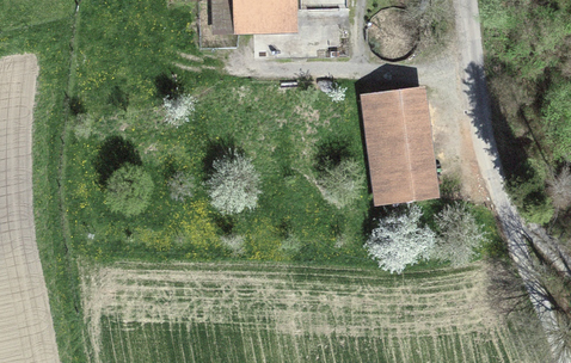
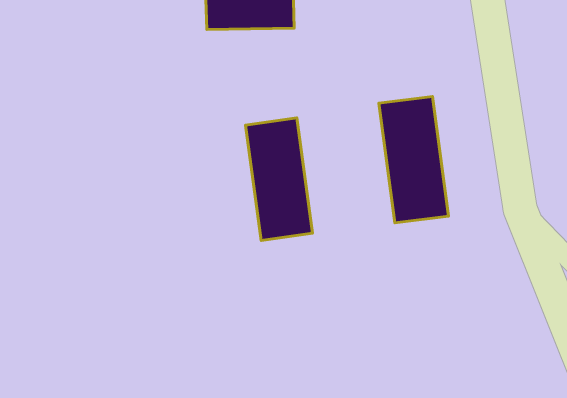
building: none -> [245,118,313,241]

